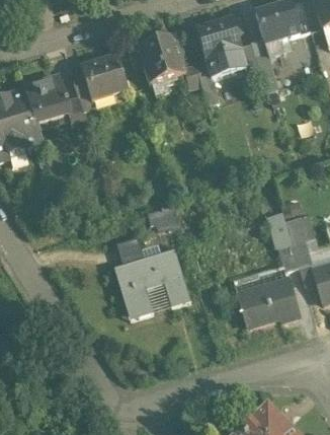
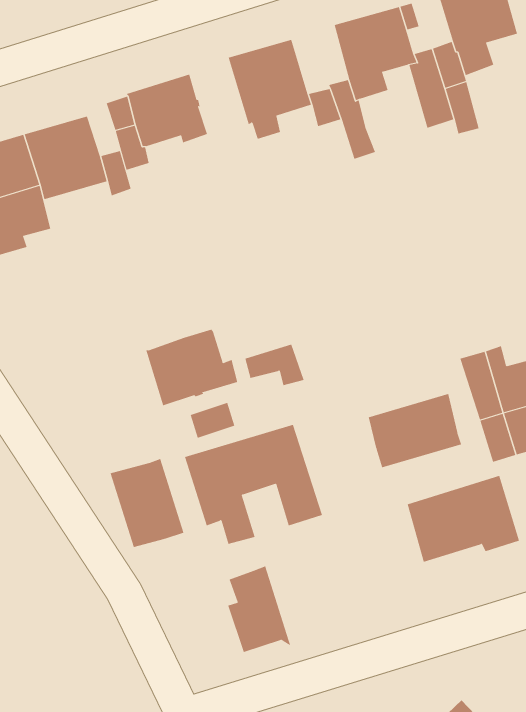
building: none -> [145,329,238,406]
building: none -> [368,393,462,468]
building: none -> [110,458,184,548]
building: none -> [227,566,291,653]

